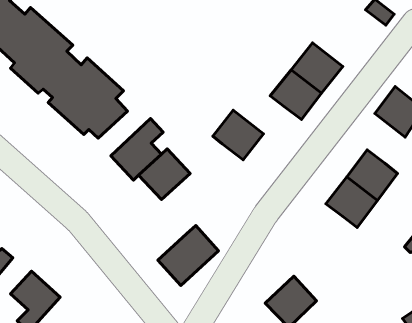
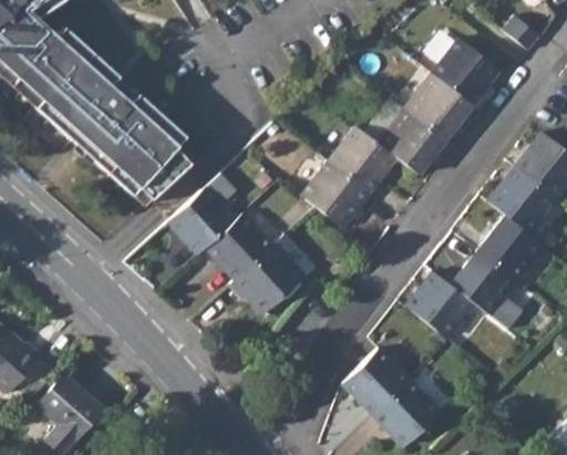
building: none -> [433,39,499,104]
building: none -> [329,126,396,193]
building: none -> [488,166,555,231]
building: none -> [405,270,473,337]
building: [158,226,219,285] -> [235,234,315,312]
building: none -> [341,348,409,415]

